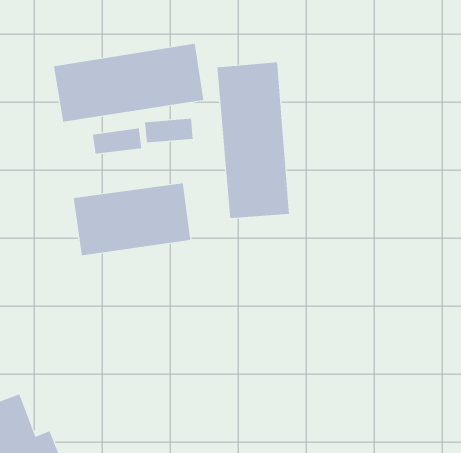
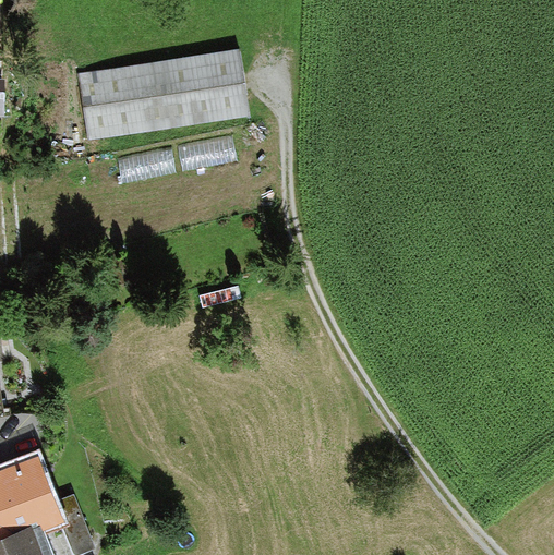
building: [217,61,290,219] -> none
building: [73,182,191,256] -> none

